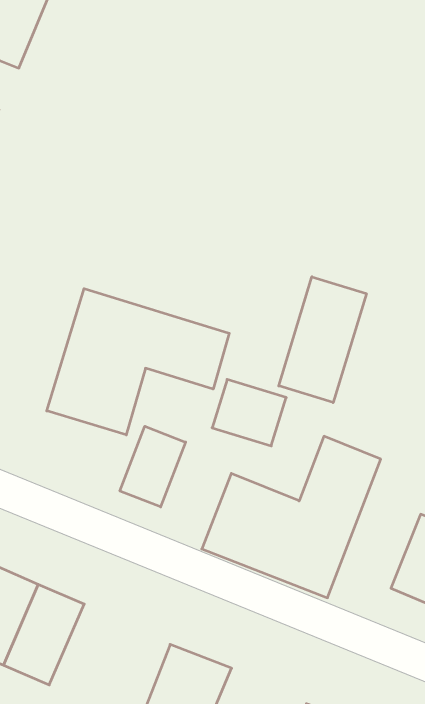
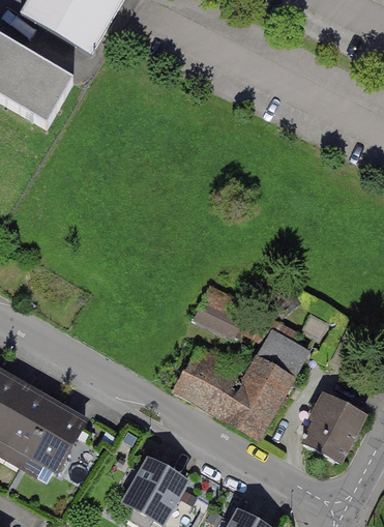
building: [279,277,366,403] -> none
building: [47,289,229,435] -> none
building: [120,426,186,507] -> none

